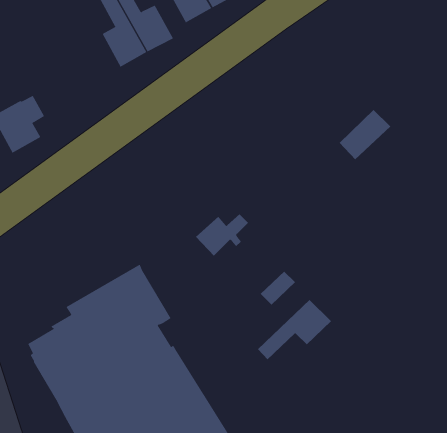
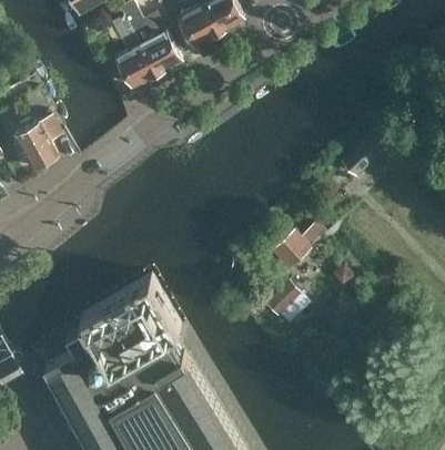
building: [195,214,249,257] -> [271,226,322,267]
building: [257,299,332,360] -> none

